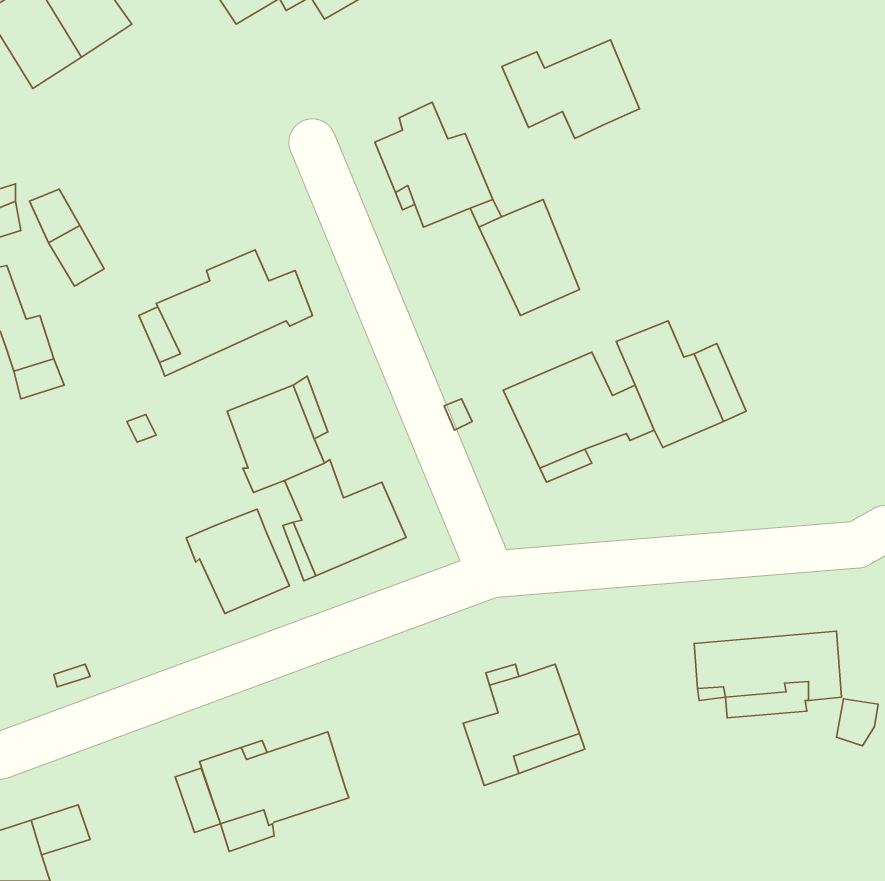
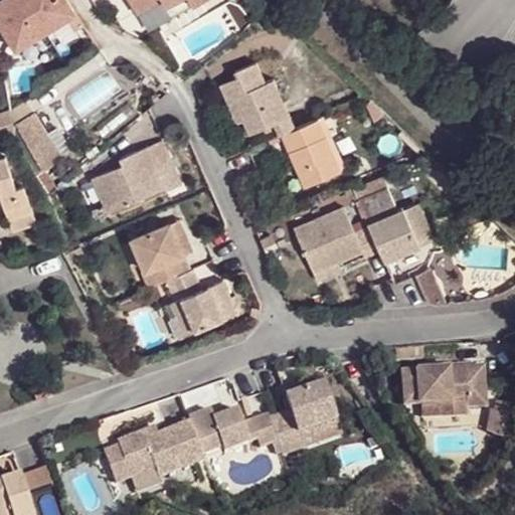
building: [502,40,640,138] -> none
building: [186,509,290,614] -> none
building: none -> [188,412,281,457]

